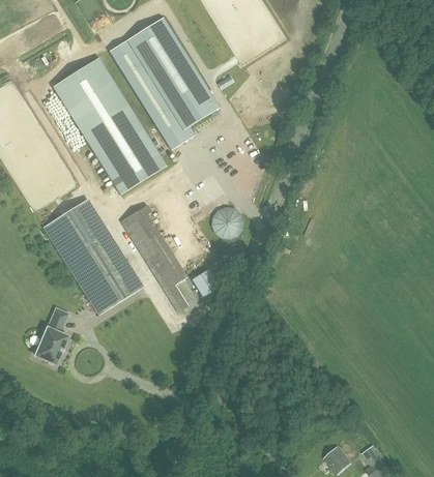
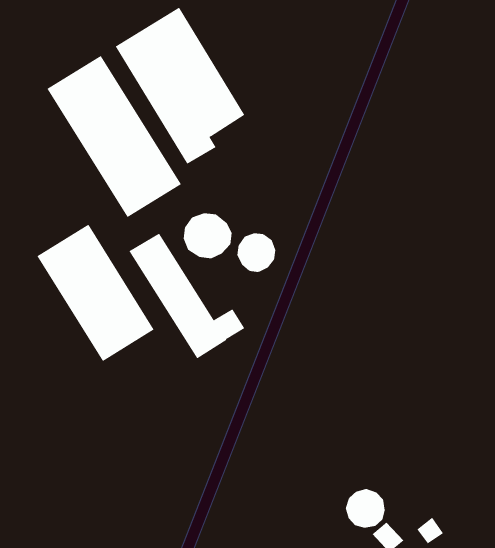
building: none -> [183,212,232,259]
building: [35,307,67,363] -> none
building: none -> [345,488,385,528]

